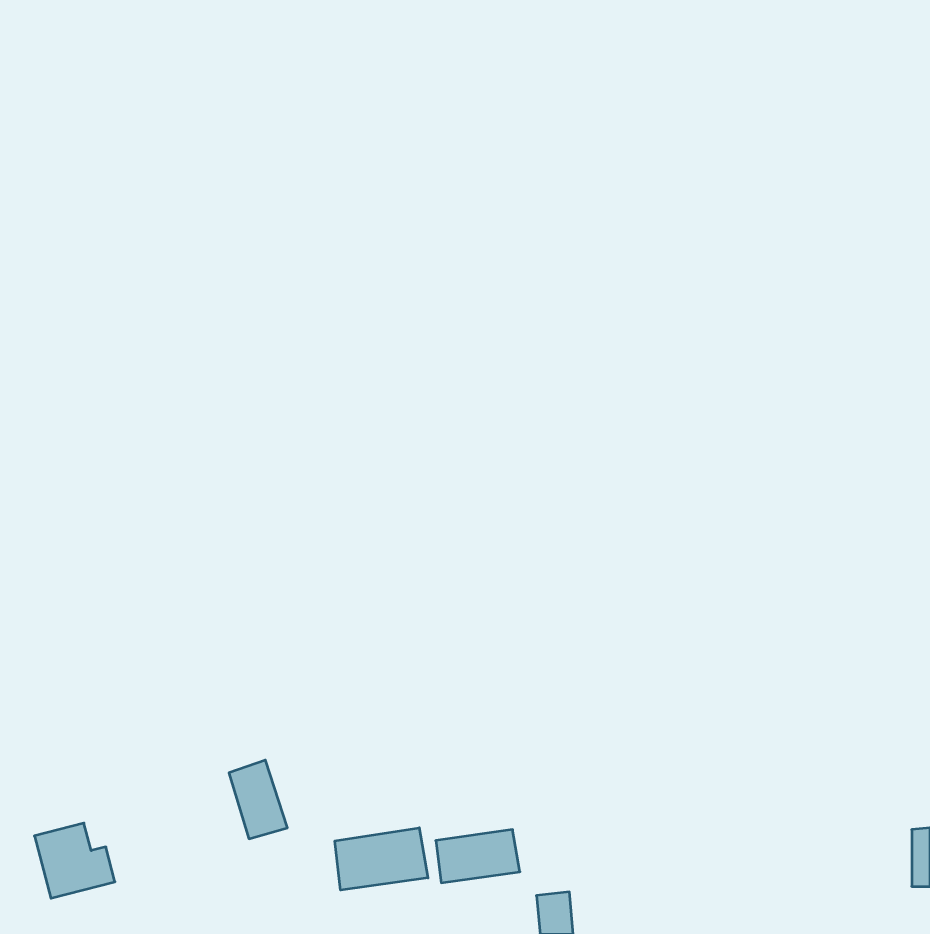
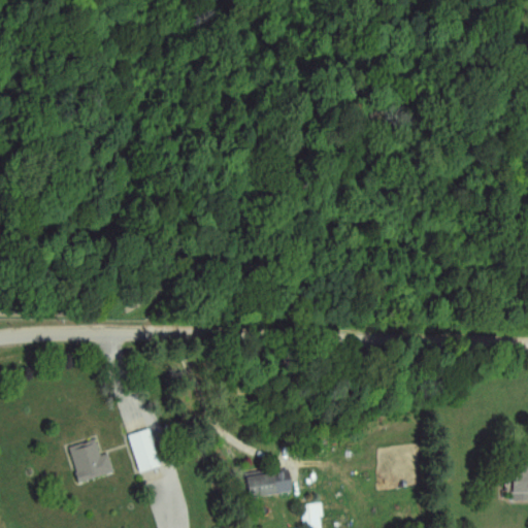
building: [34,823,115,898] -> [69,439,114,482]
building: [335,828,428,890] -> none

